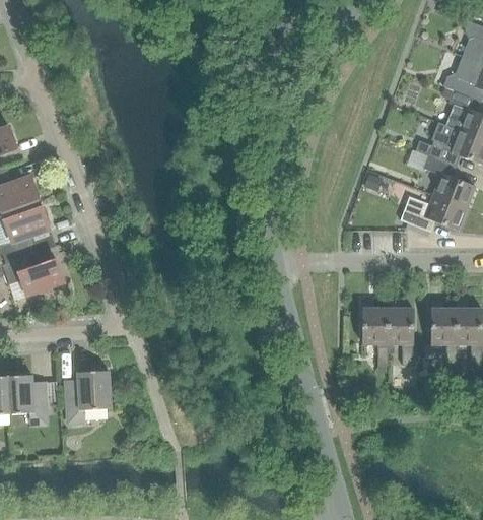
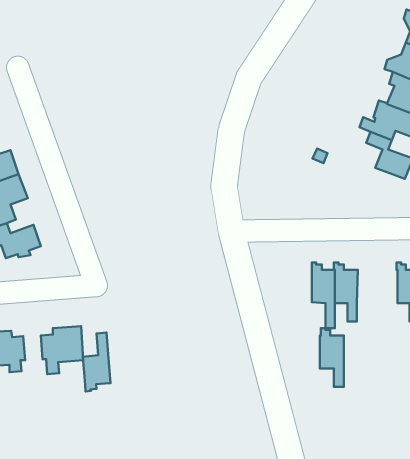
building: [399,195,465,230] -> none
building: [430,300,457,365] -> [320,328,344,387]
building: none -> [83,333,110,391]

